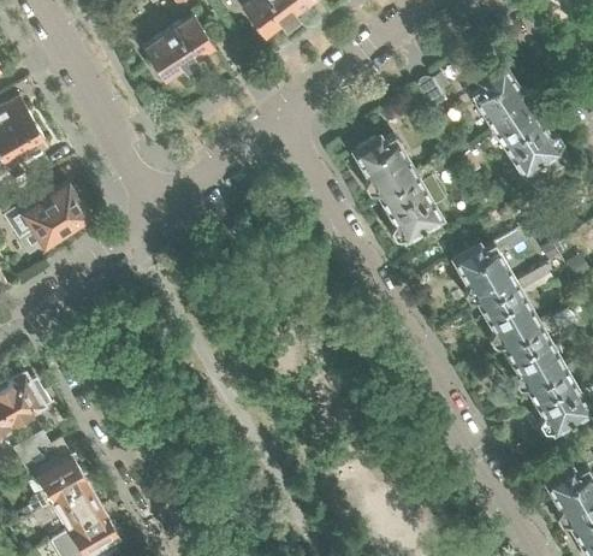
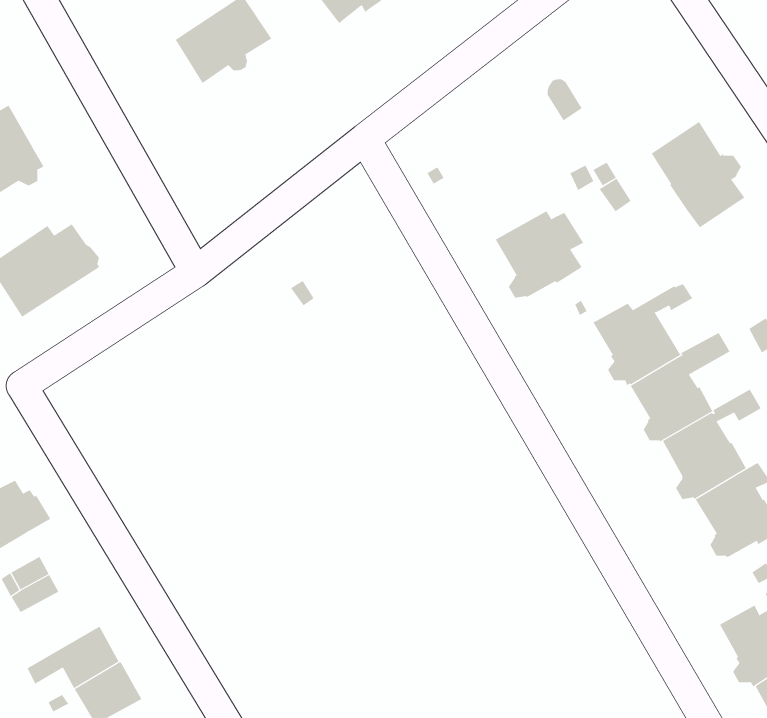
building: [465,65,534,134] -> none
building: [354,135,419,199] -> none
building: [29,456,88,515] -> none

